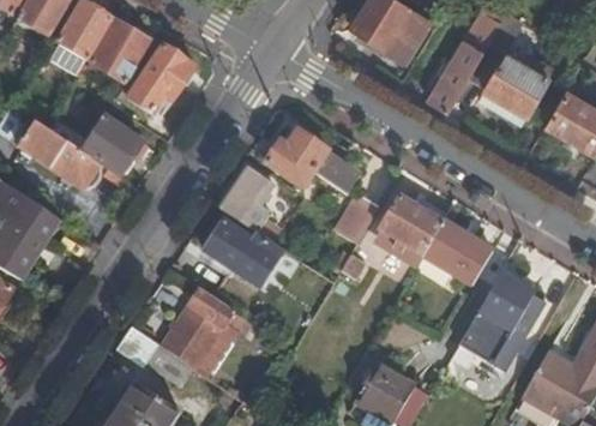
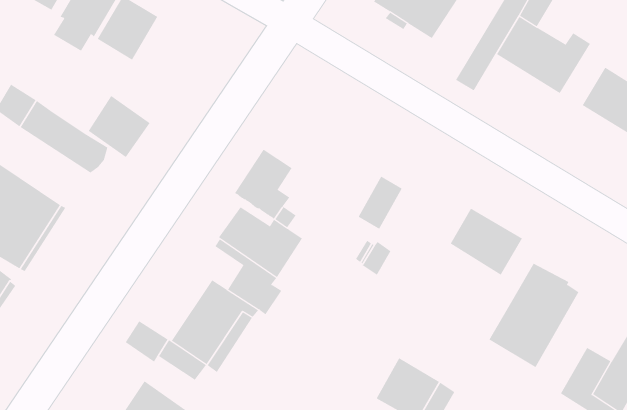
building: [128,46,195,114] -> none
building: [266,128,359,192] -> none
building: [379,196,441,254] -> none

